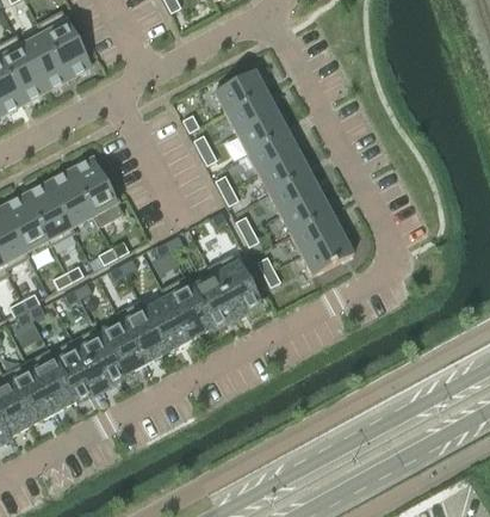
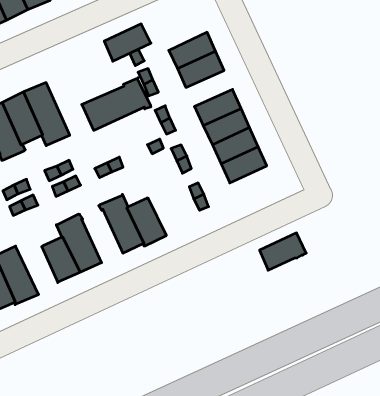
building: [215,70,266,113] -> [104,24,151,61]
building: [247,131,298,173] -> none
building: none -> [82,78,151,130]
building: [302,233,353,276] -> [260,233,306,270]
building: [207,253,260,316] -> none
building: [142,293,190,351] -> none
building: [72,326,123,390] -> none

